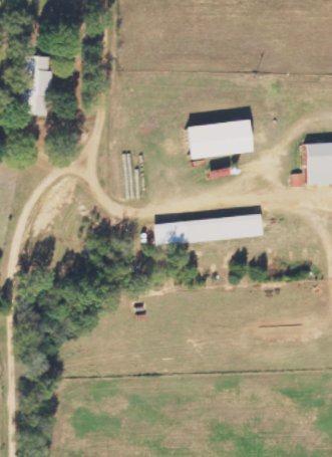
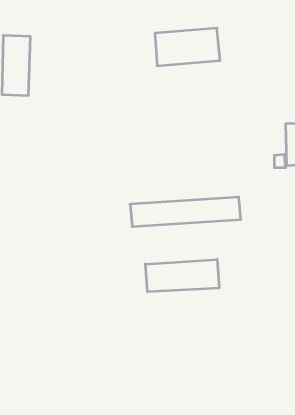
building: [186,121,250,158] -> [155,28,220,66]
building: none -> [145,259,219,292]

